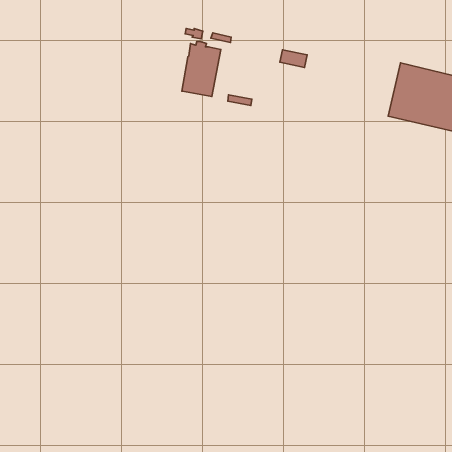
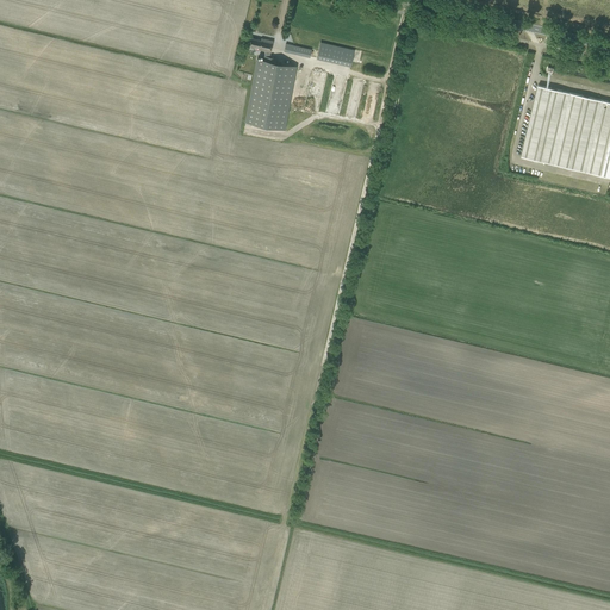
building: [280,50,307,67] -> [318,43,355,67]

